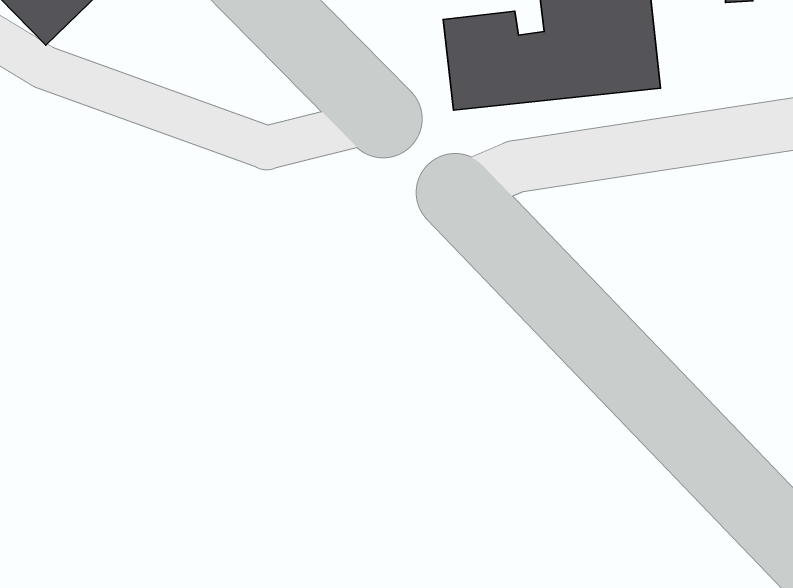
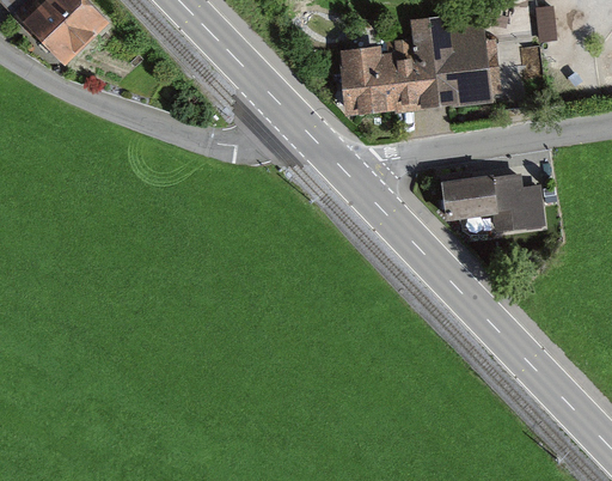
building: none -> [442,169,550,233]

